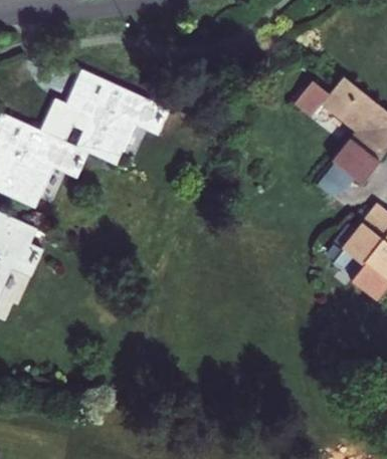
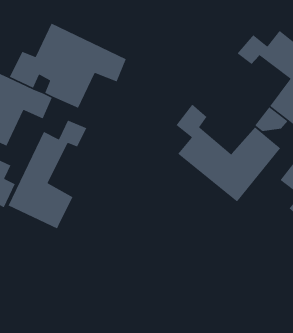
building: none -> [176,104,281,202]
building: none -> [8,119,87,230]

